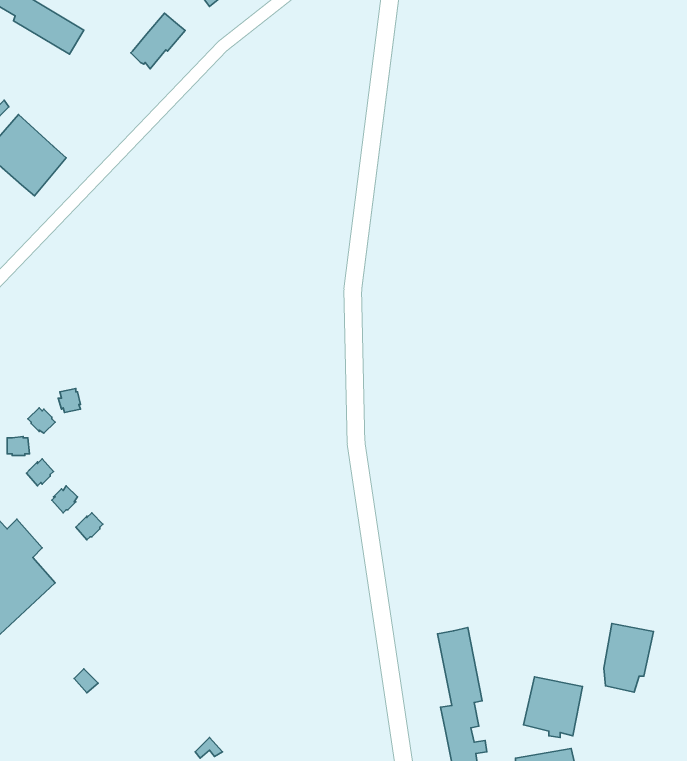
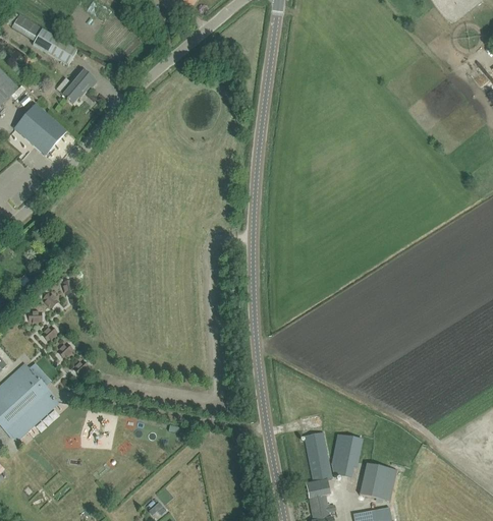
building: [131,13,185,69] -> [60,68,95,104]
building: [604,624,653,692] -> [331,433,363,477]

